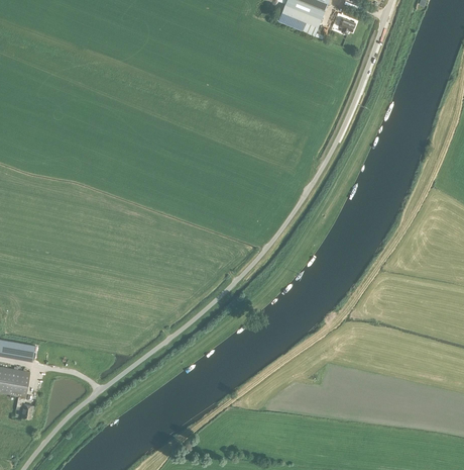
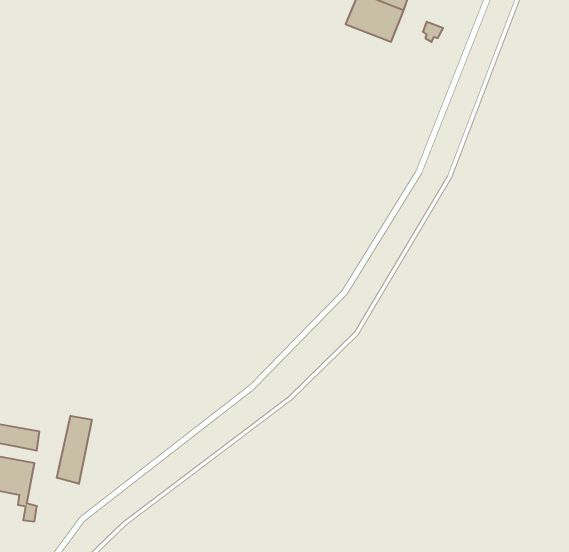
building: none -> [57,416,92,484]

